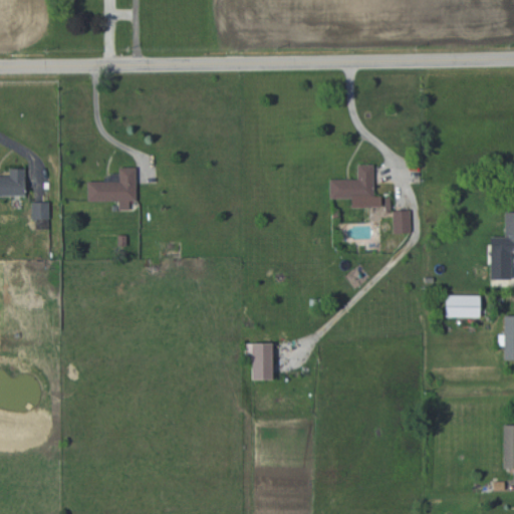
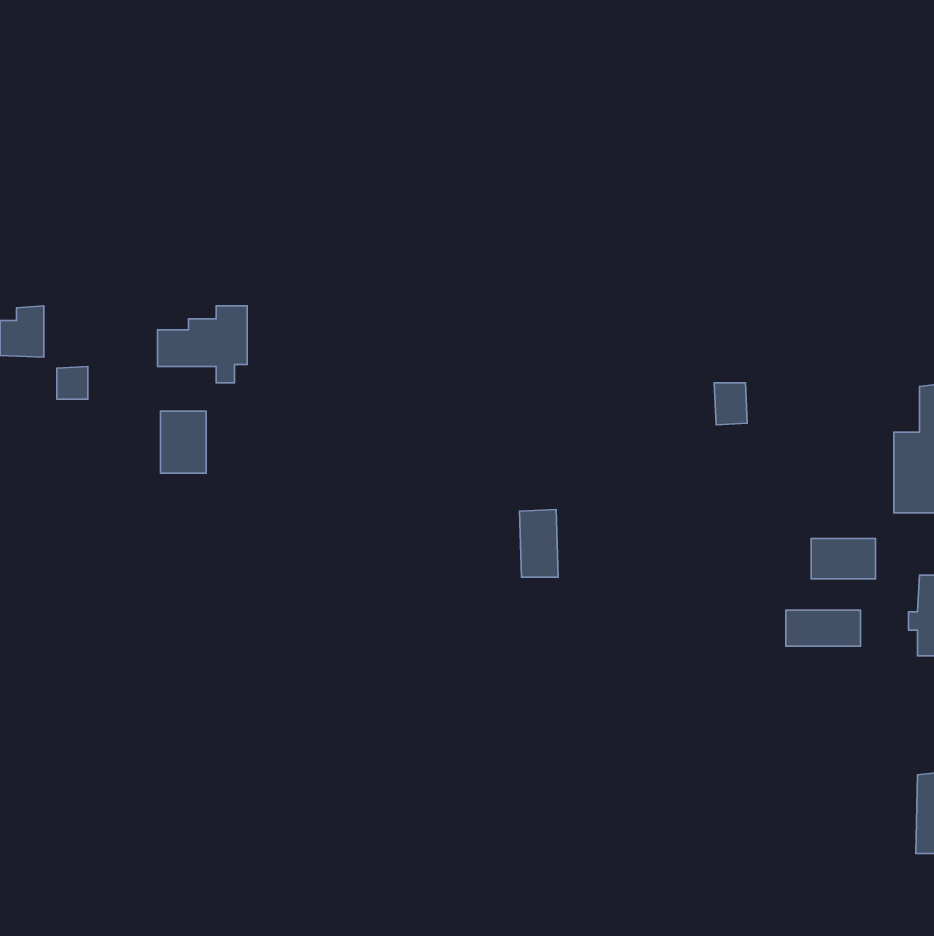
building: [330,165,381,208] -> none
building: none -> [161,411,206,473]
building: none -> [786,610,861,646]
building: [252,342,273,379] -> [520,509,558,577]

